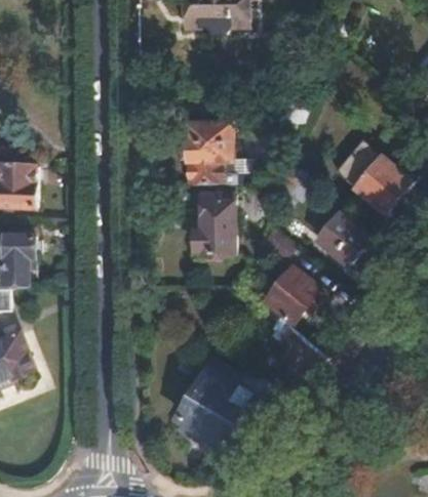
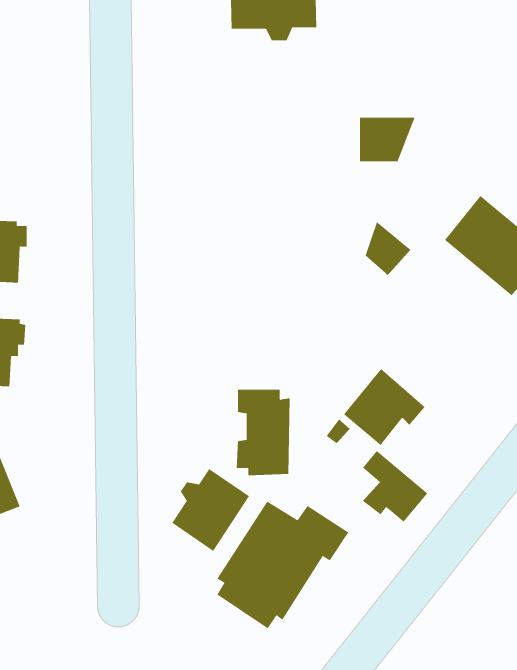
building: [183,124,233,183] -> none
building: [197,194,236,255] -> [236,389,291,476]
building: [316,213,367,264] -> none
building: none -> [171,468,250,552]

